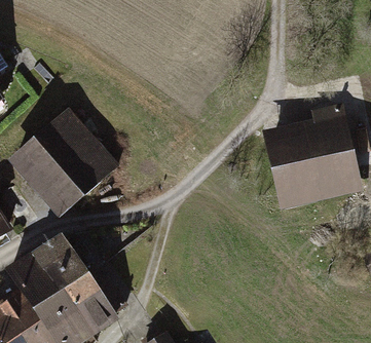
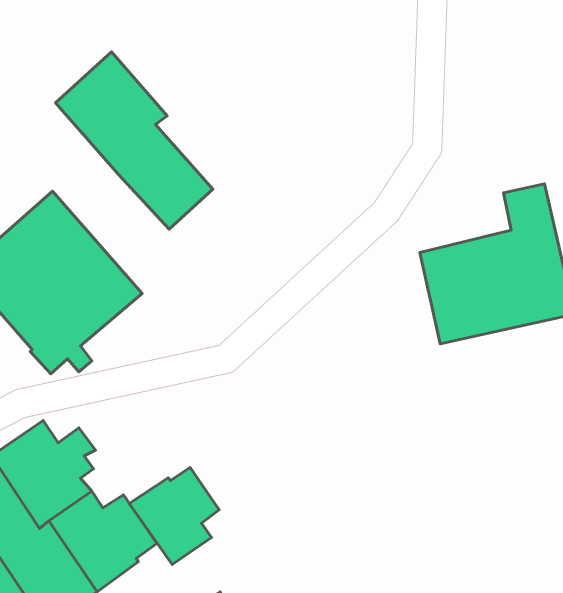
building: none -> [56,52,213,229]
building: none -> [129,468,219,565]

